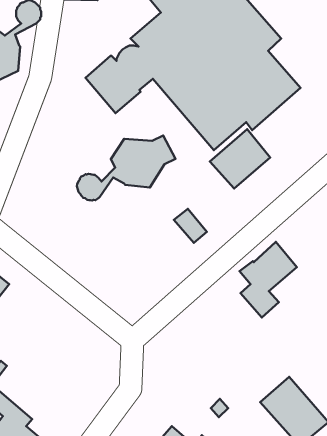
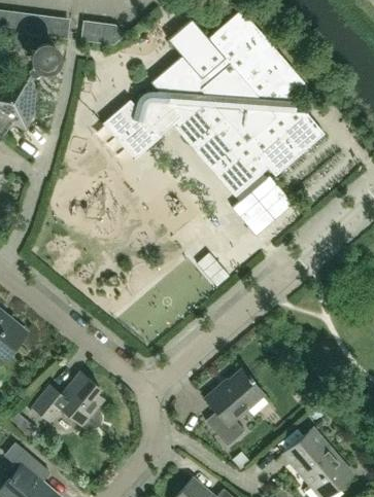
building: [77,136,176,201] -> none
building: [240,242,297,317] -> [205,368,264,446]
building: none -> [33,371,105,429]

